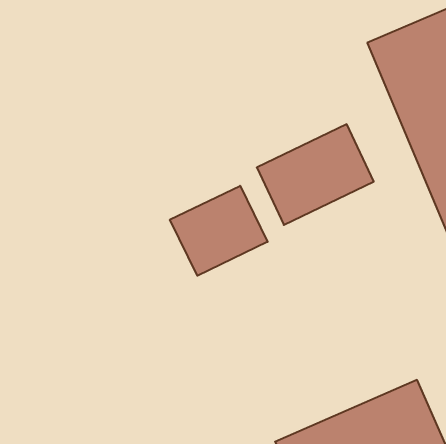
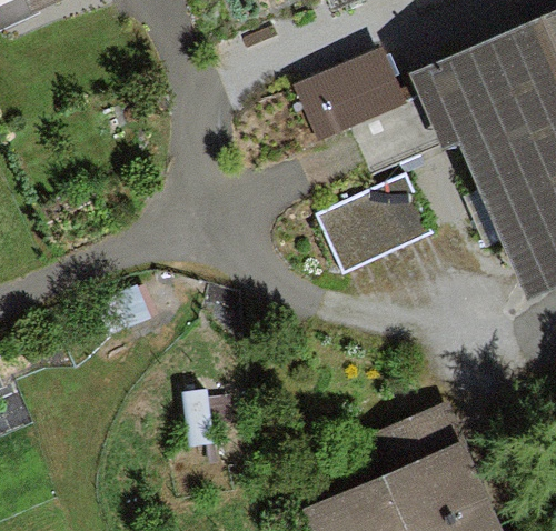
building: none -> [295,53,405,144]
building: [170,186,268,276] -> none

